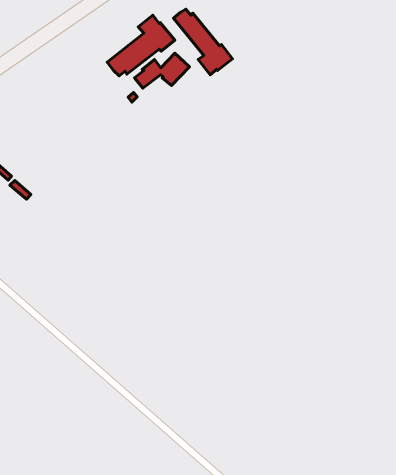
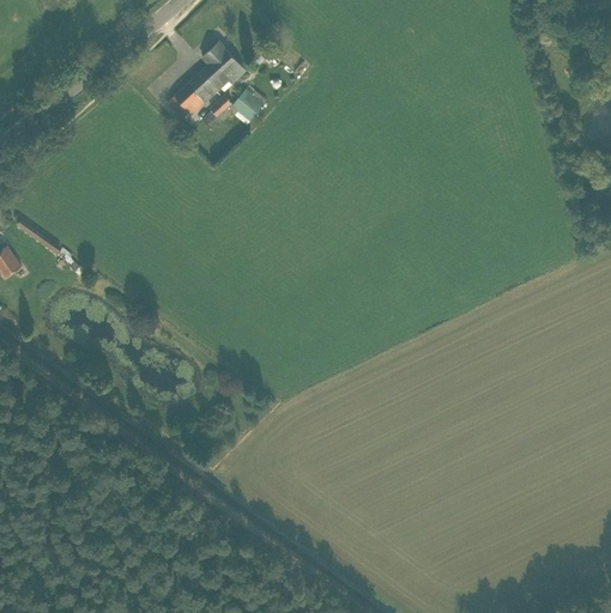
building: [174,9,233,75] -> none

